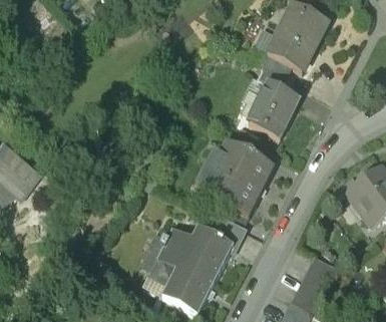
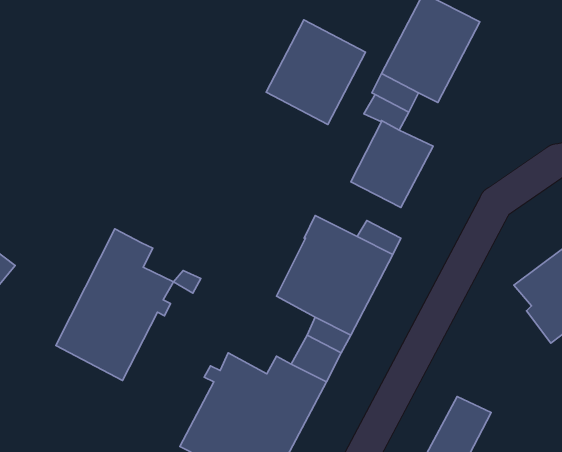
building: none -> [266,20,365,124]
building: none -> [56,229,173,380]

